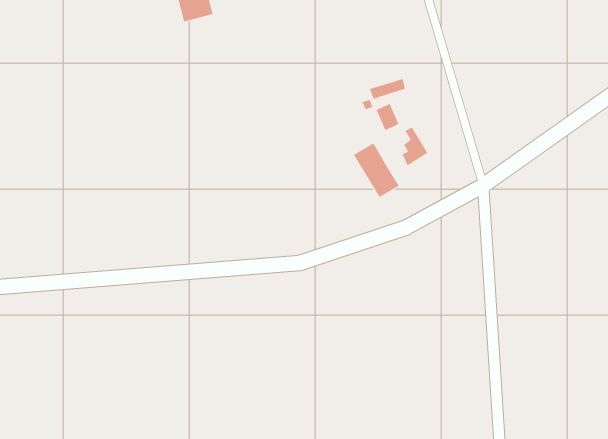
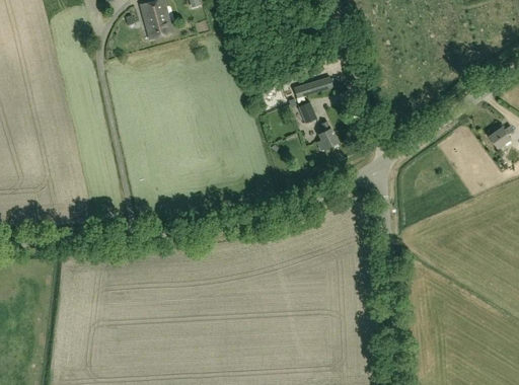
building: [353,142,399,198] -> none

